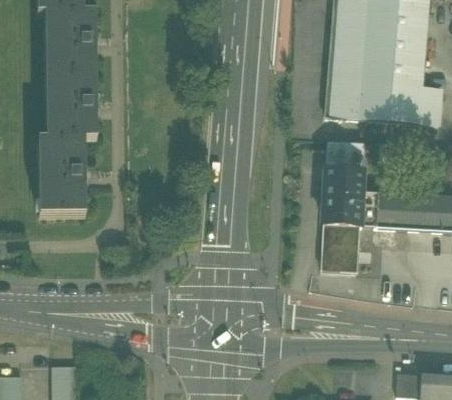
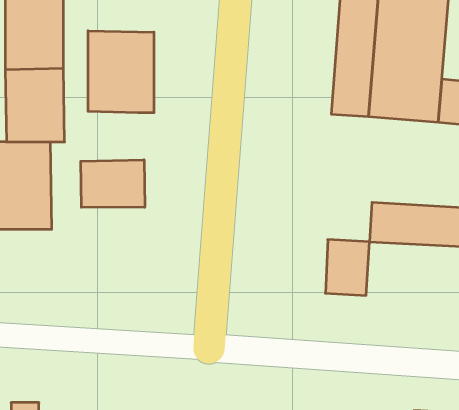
building: none -> [88,31,154,113]
building: [326,141,364,166] -> none
building: none -> [81,160,145,207]
building: [323,171,362,227] -> none

